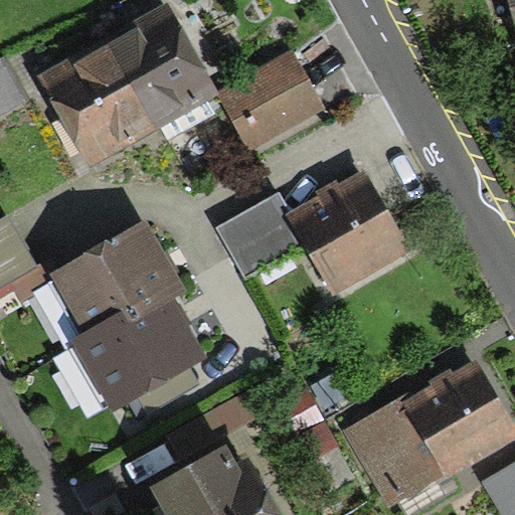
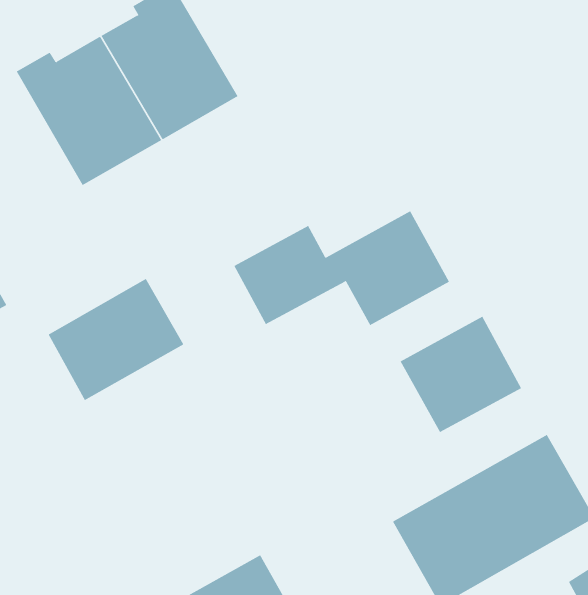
building: [223,60,316,145] -> none
building: none -> [400,316,522,433]
building: [79,300,200,409] -> none

